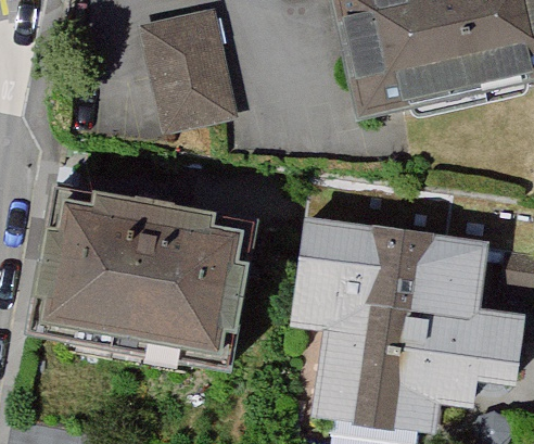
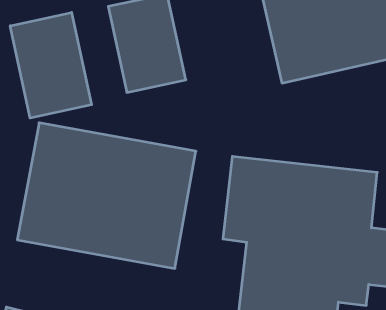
building: none -> [10,12,92,118]

